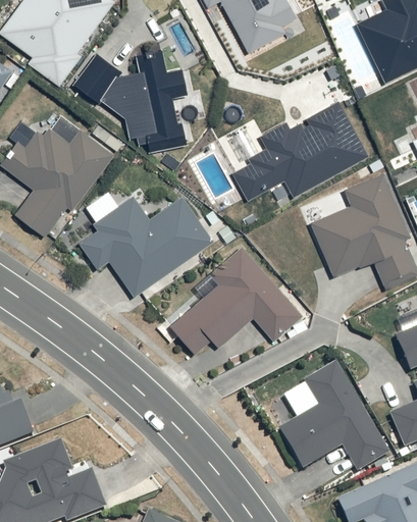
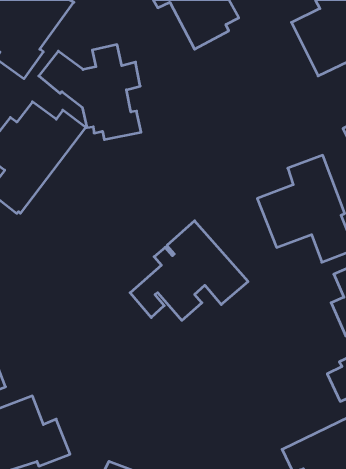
building: [228,105,363,202] -> none
building: [82,186,215,300] -> none
building: [282,361,390,469] -> none

